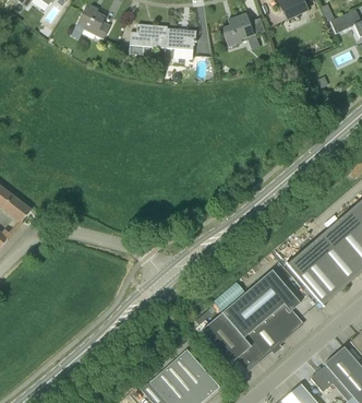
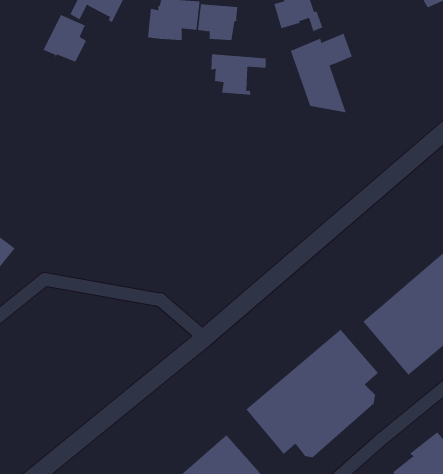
building: none -> [43,14,87,62]
building: none -> [290,33,353,113]
building: none -> [211,53,266,95]

